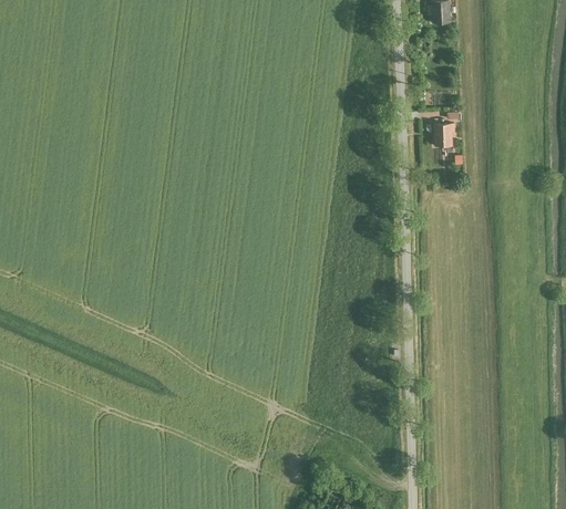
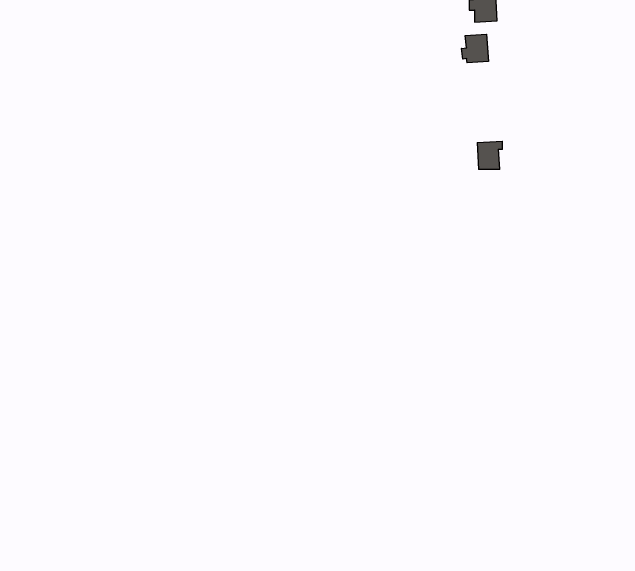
building: none -> [462,34,488,63]

